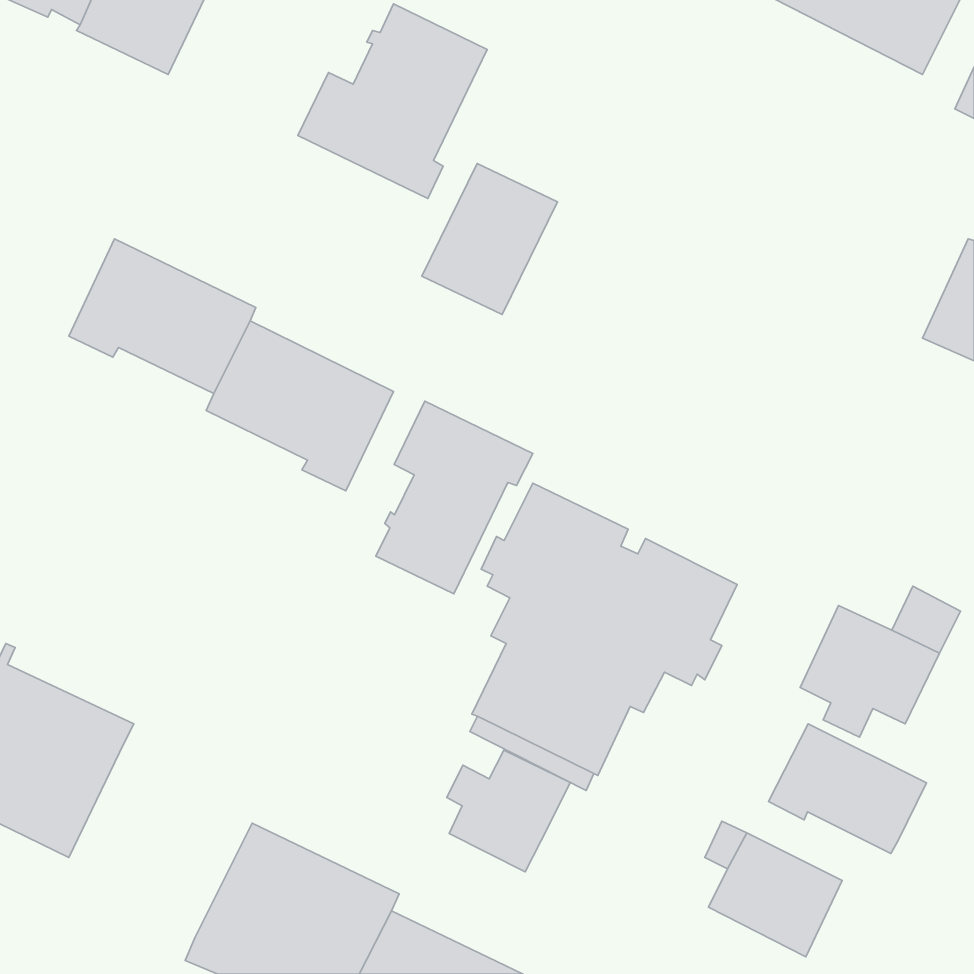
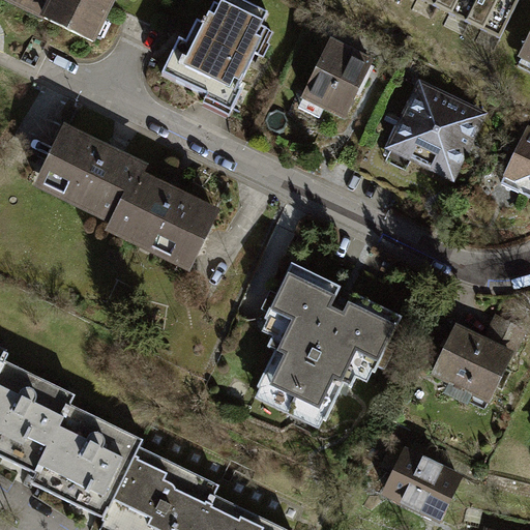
building: none -> [384,81,488,184]
building: [422,164,557,315] -> [300,39,374,121]
building: [376,401,533,594] -> none
building: [768,724,927,854] -> none
building: none -> [33,403,140,508]
building: [447,750,570,872] -> none

